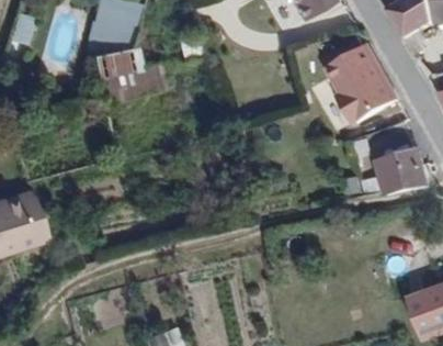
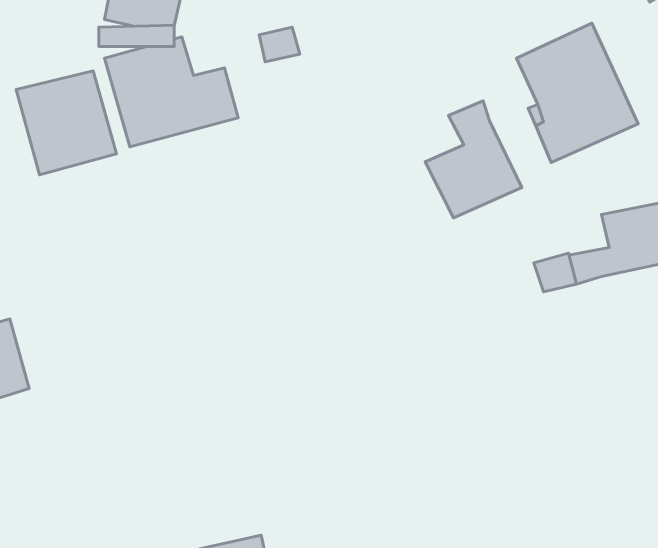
building: none -> [16,71,116,175]
building: none -> [425,101,522,218]

